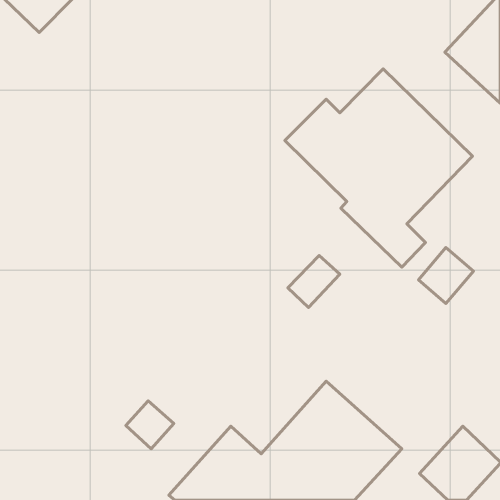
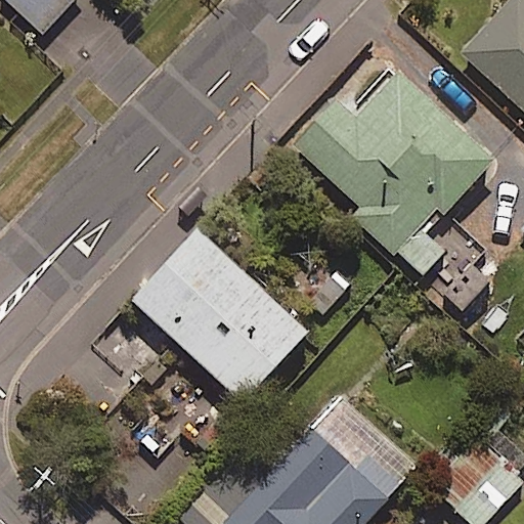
building: none -> [130,229,308,404]

